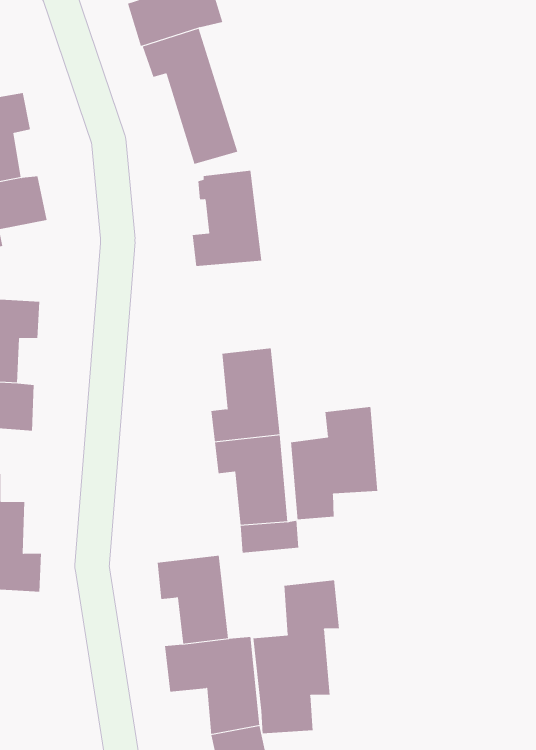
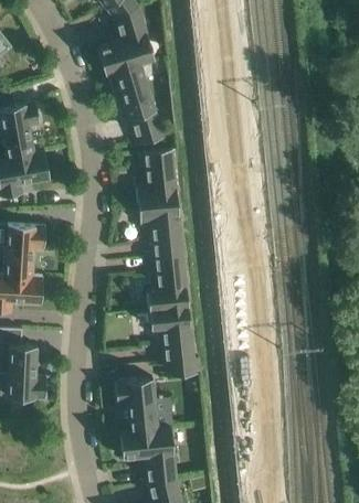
building: none -> [138,202,183,257]
building: [291,406,378,520] -> none
building: [253,580,339,734] -> none

